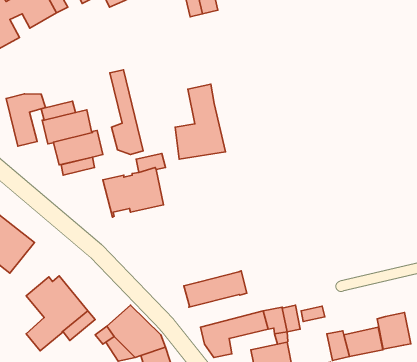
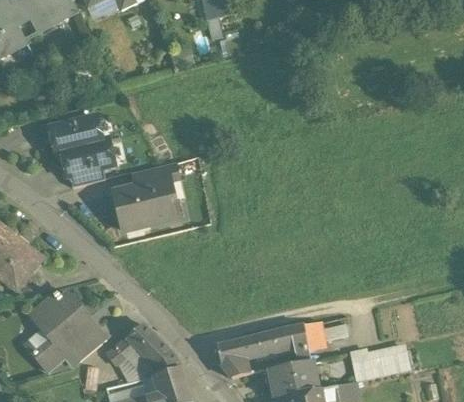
building: [110,70,143,155] -> none
building: [175,84,225,159] -> none
building: [6,94,45,146] -> none
building: [184,271,247,307] -> none
building: [377,313,411,349] -> none

